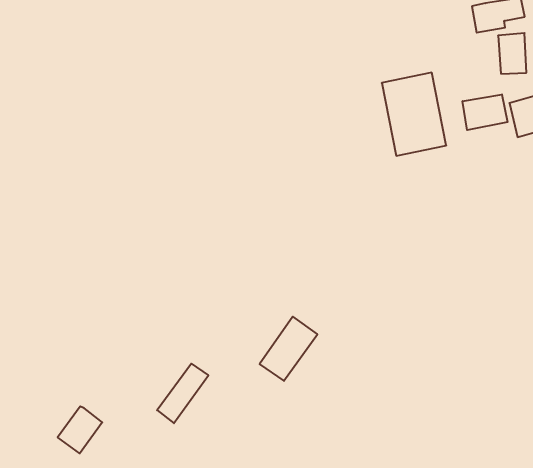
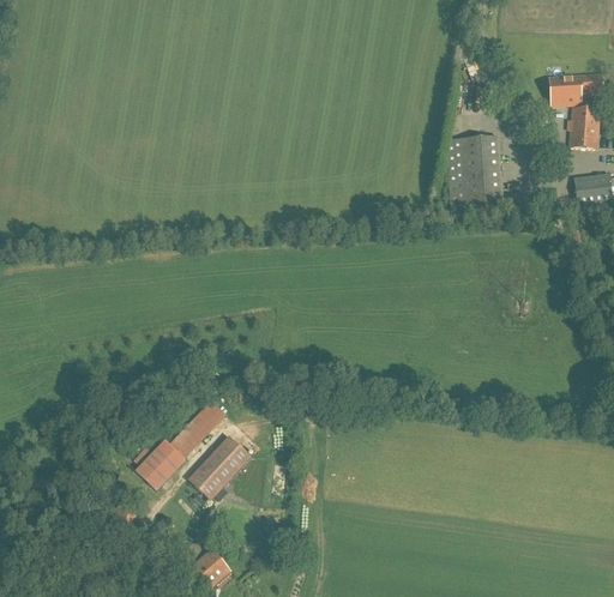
building: [463,94,508,130] -> none
building: [260,317,317,381] -> [187,435,251,500]
building: [58,406,102,453] -> [138,441,186,489]

